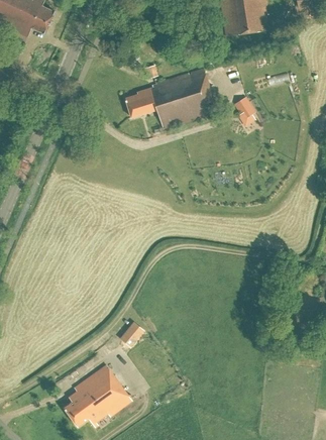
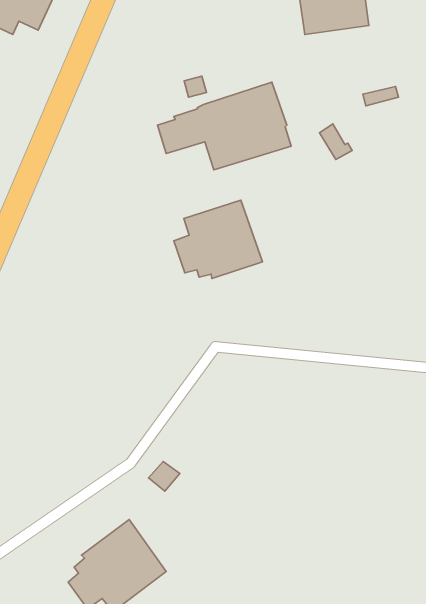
building: none -> [174,200,262,278]

